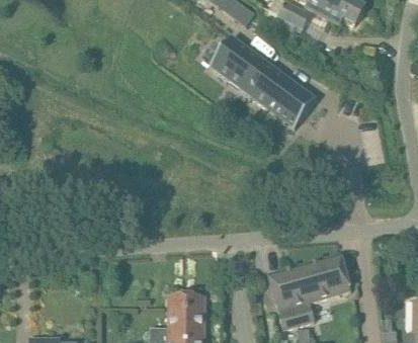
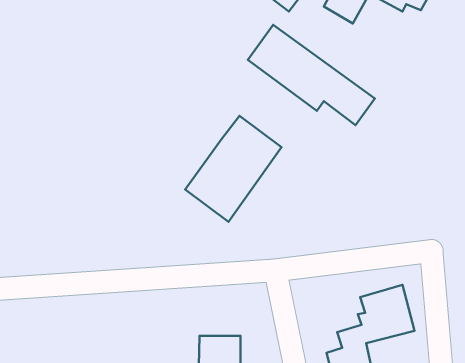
building: none -> [185,116,282,222]
building: [268,264,309,311] -> none

